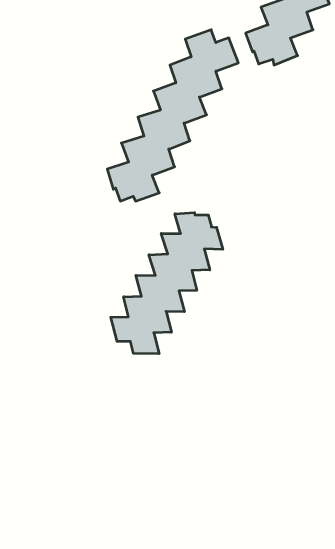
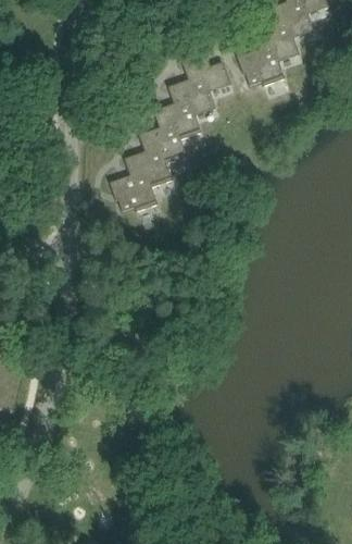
building: [111,213,223,354] -> none

